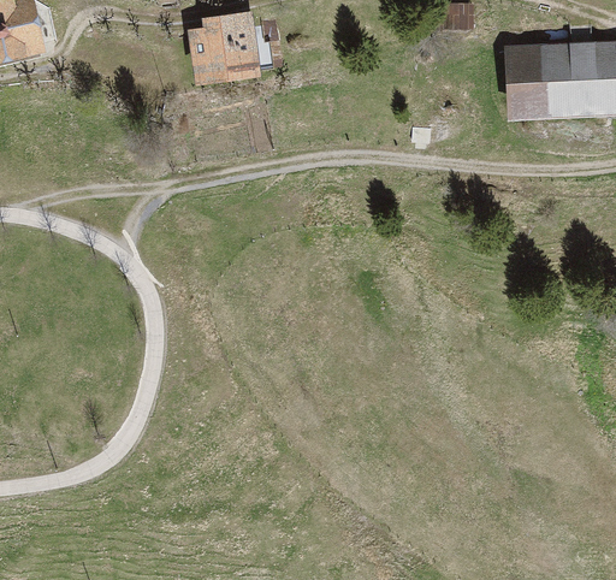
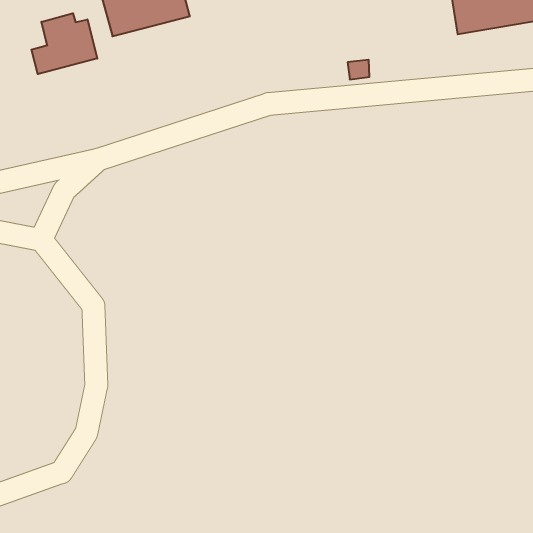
building: none -> [31,13,97,74]

